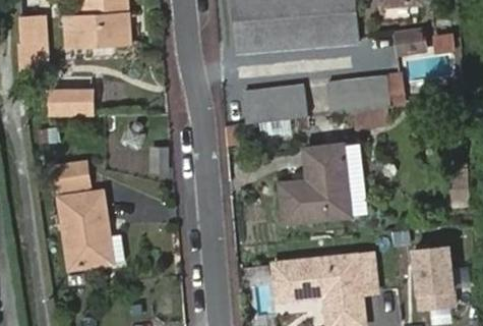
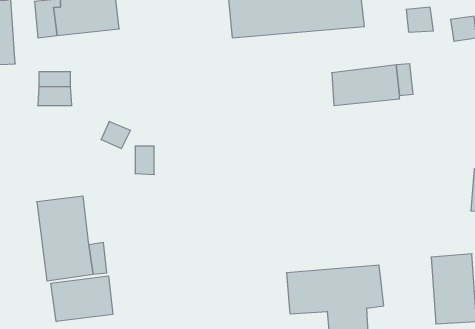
building: [242,85,306,120] -> none
building: [279,143,361,222] -> none
building: [56,162,89,192] -> none
building: none -> [51,276,113,322]

